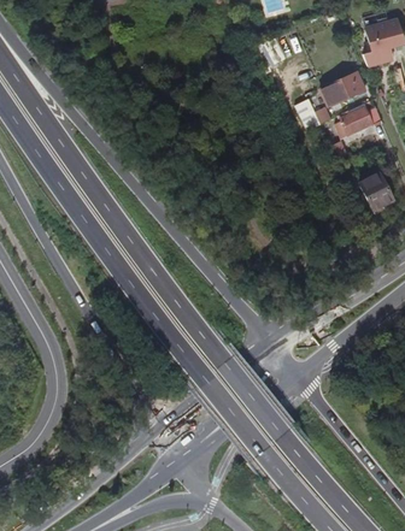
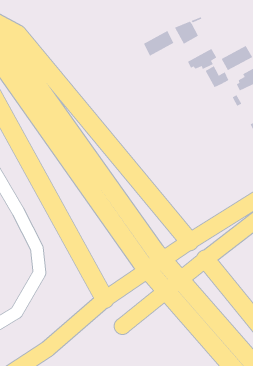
building: none -> [143,30,174,57]
building: none -> [187,48,217,70]

